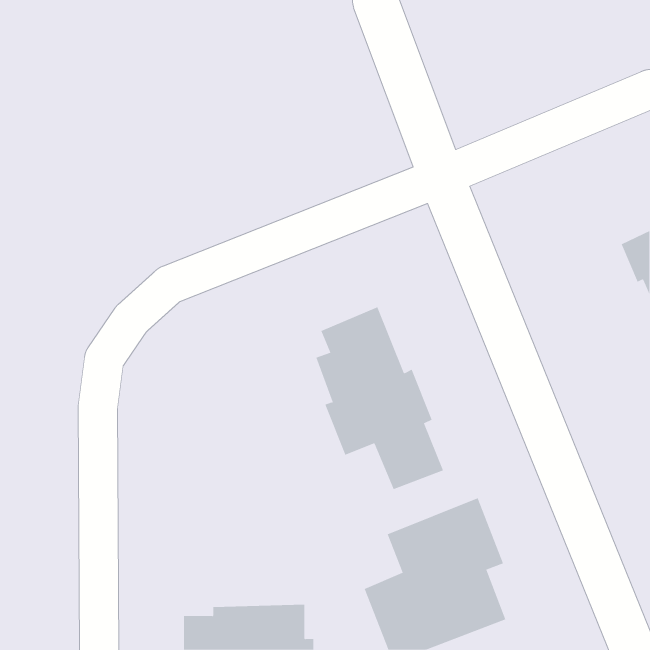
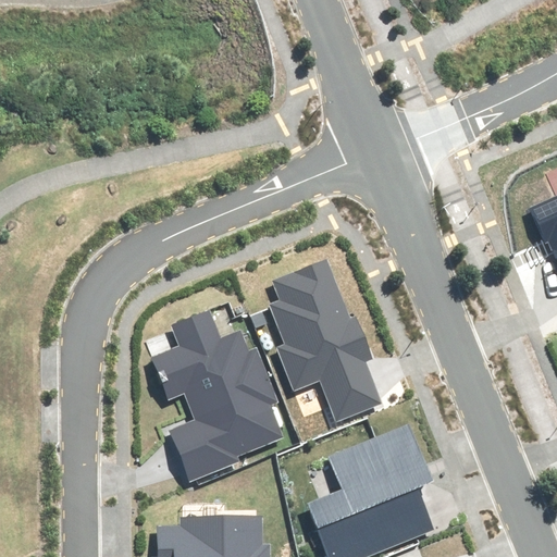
building: none -> [153,312,281,480]

